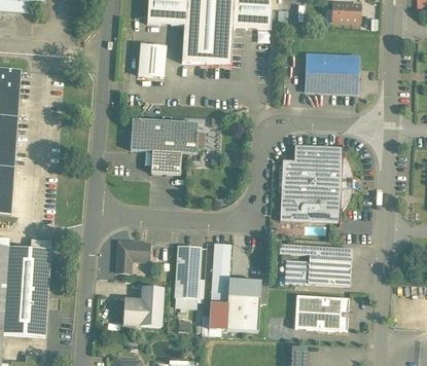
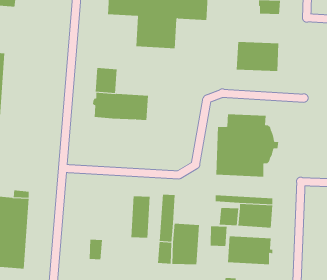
building: [138,43,166,75] -> [95,68,117,93]
building: [151,150,181,173] -> none
building: [116,241,148,271] -> none
building: none -> [210,225,227,247]
building: [139,287,163,325] -> none

